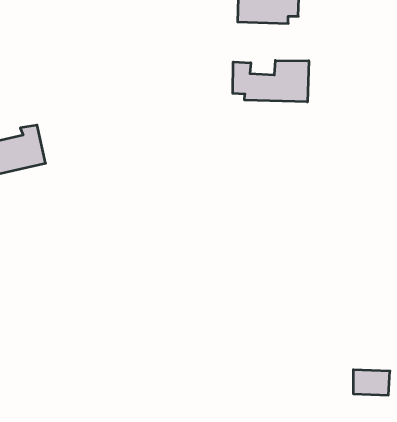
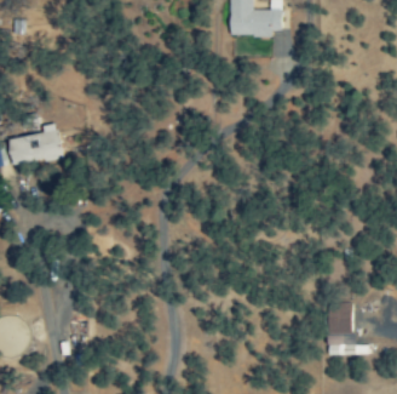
building: [233,60,309,102] -> none
building: none -> [328,303,352,332]

